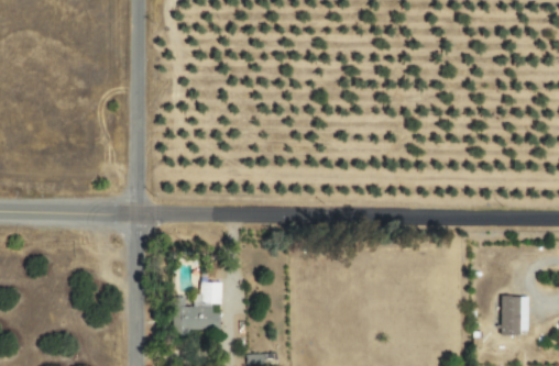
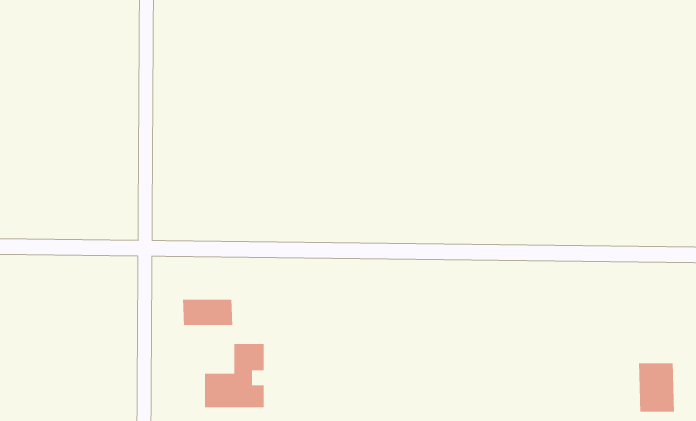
building: none -> [182,299,233,326]

